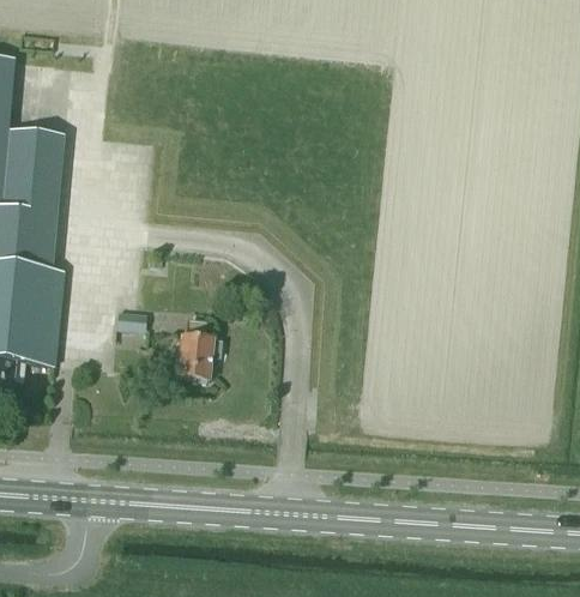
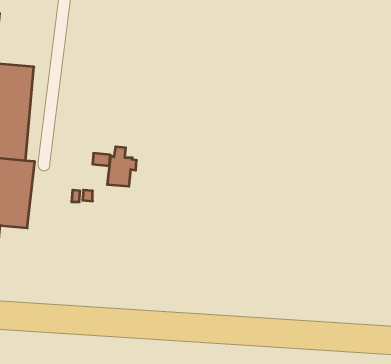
building: [177,319,219,375] -> [107,147,137,186]

